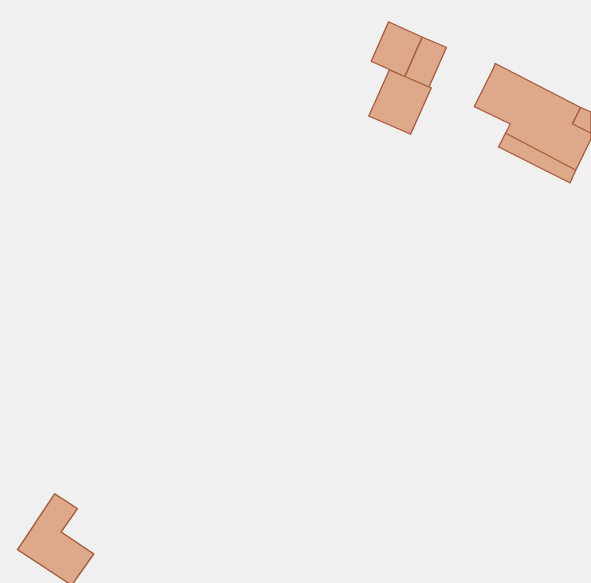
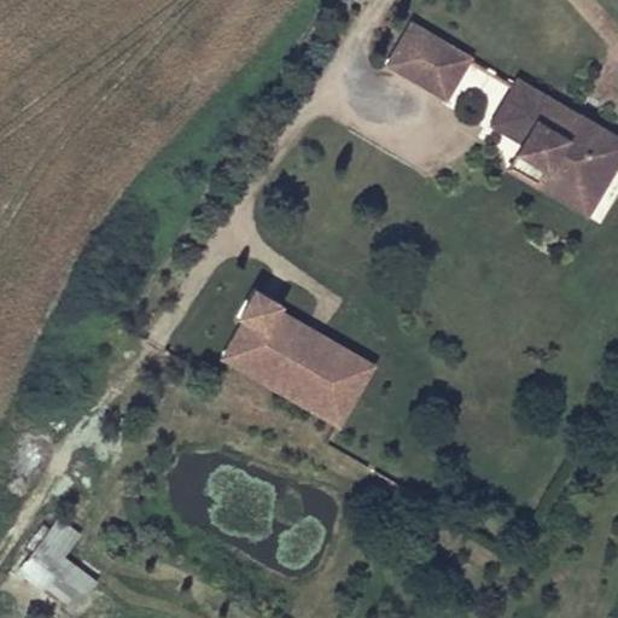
building: [369,70,431,134] -> none
building: none -> [232,302,366,419]

